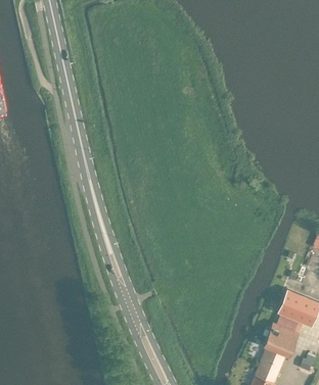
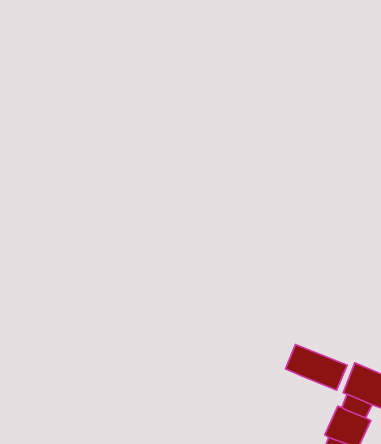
building: none -> [286,345,347,390]

